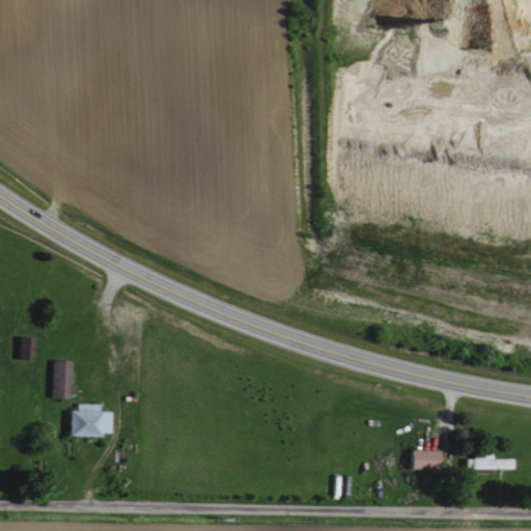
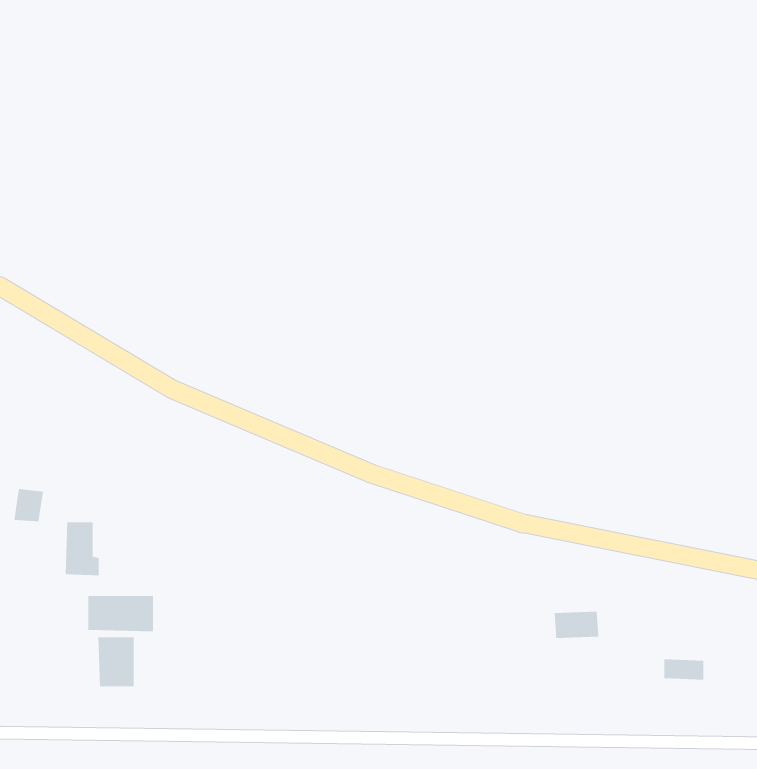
building: none -> [98,636,134,687]
building: [410,450,441,469] -> [554,611,599,638]

